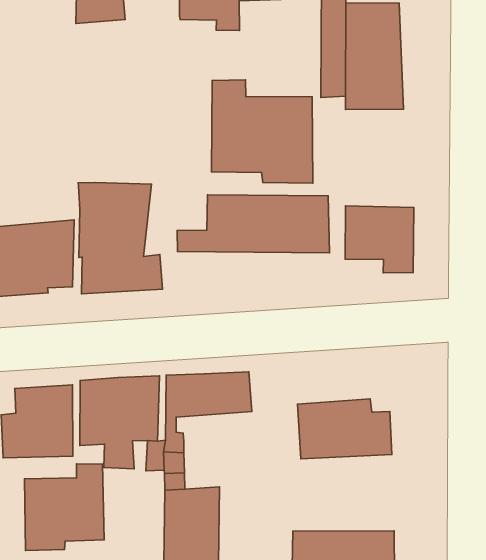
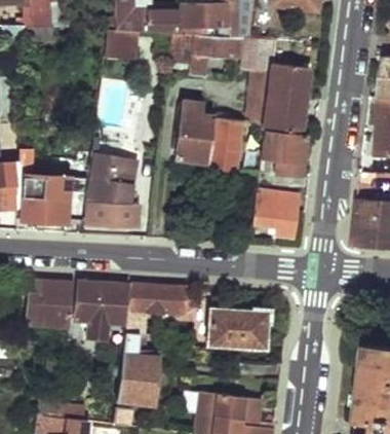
building: none -> [262,132,307,177]
building: [177,195,330,253] -> none
building: [25,464,104,551] -> none

